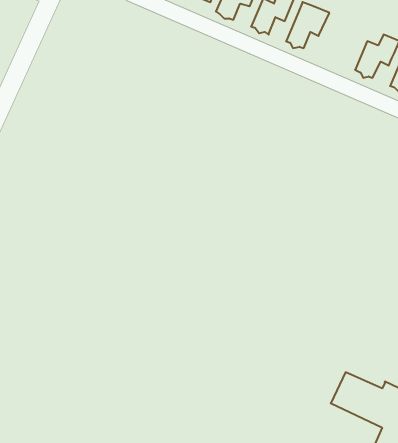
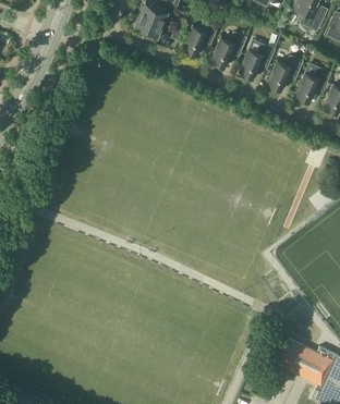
building: none -> [268,57,302,90]

